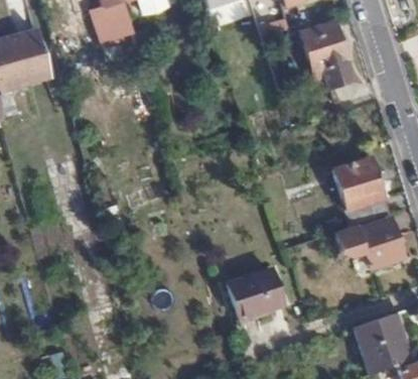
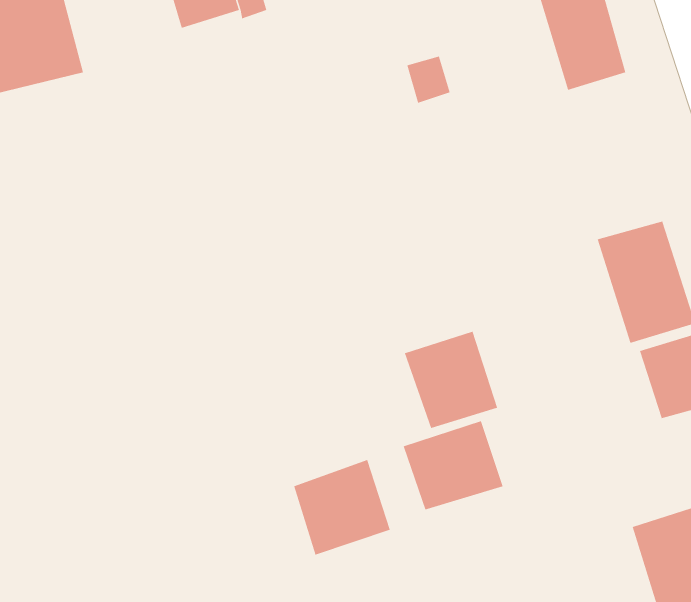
building: none -> [404,331,498,429]
building: none -> [293,459,390,556]

